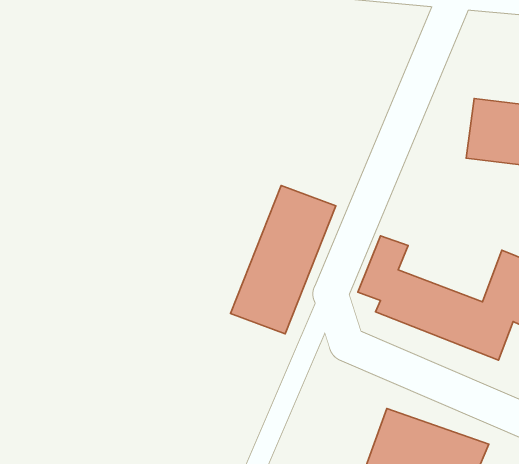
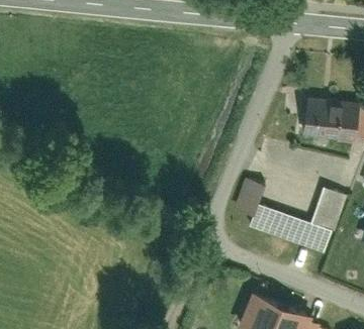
building: [231,185,336,334] -> none

